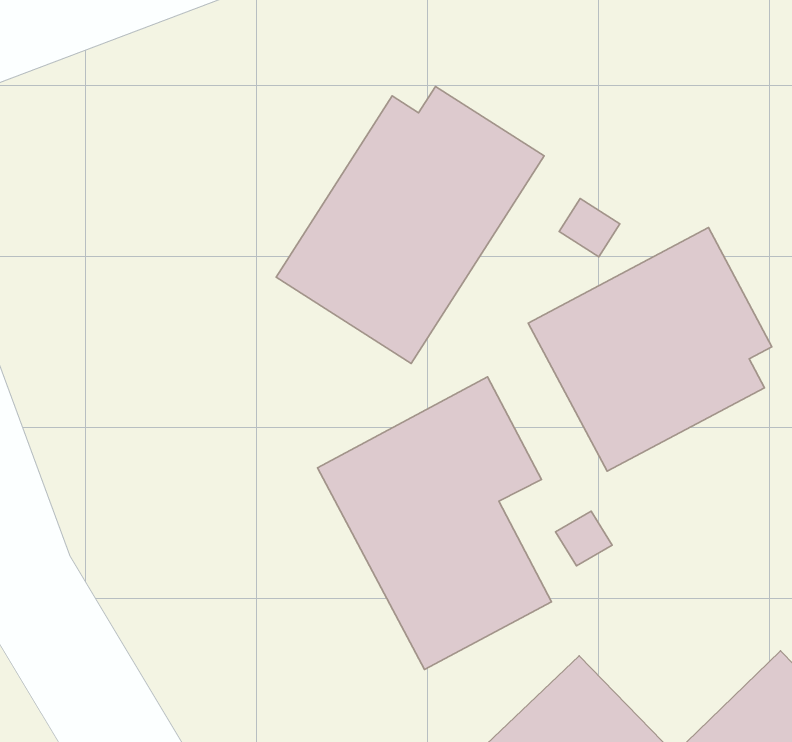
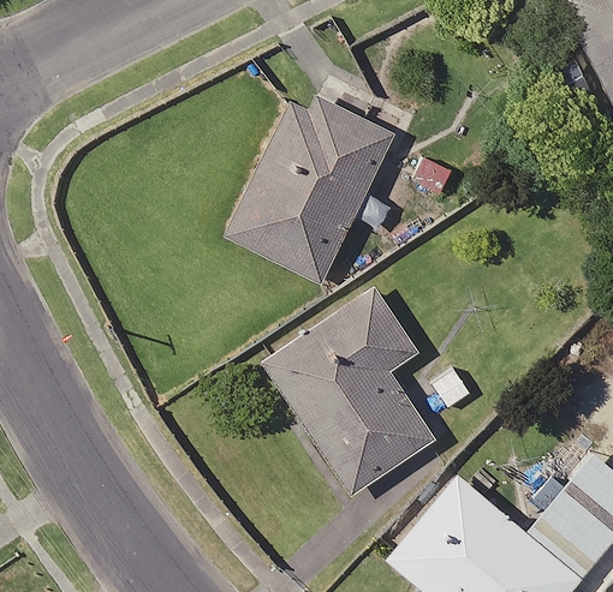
building: [528,227,772,471] -> none

